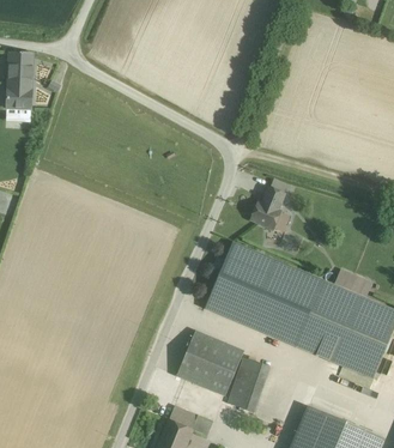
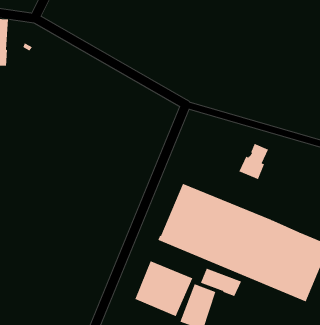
building: [250,187,285,229] -> [239,143,269,180]
building: none -> [200,268,242,297]

